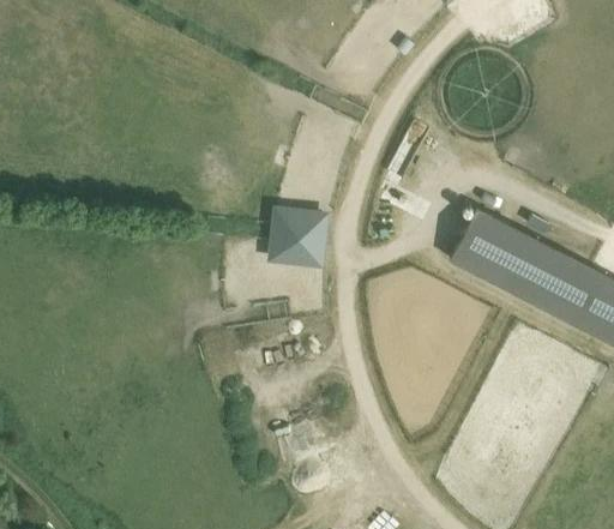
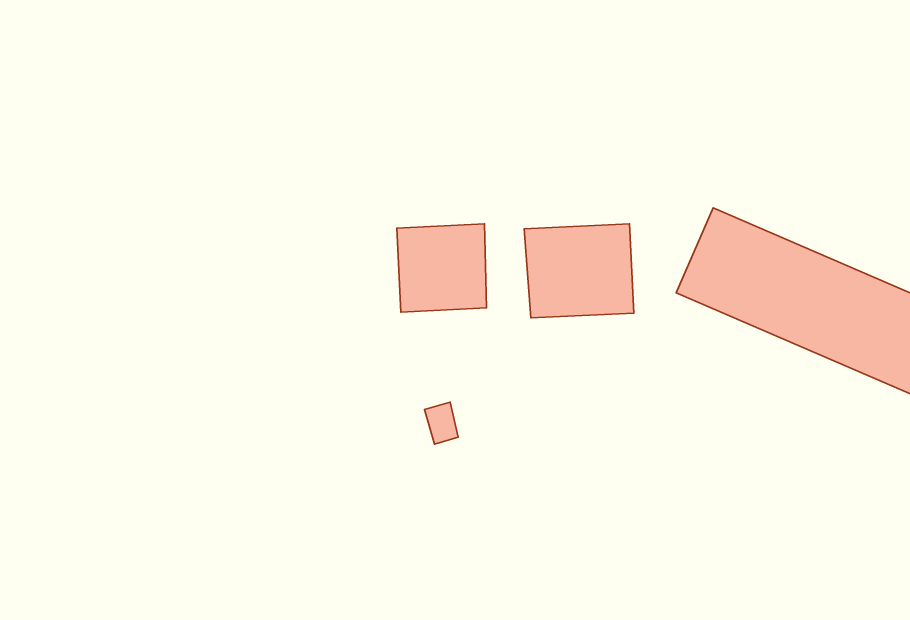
building: none -> [524,224,634,318]

